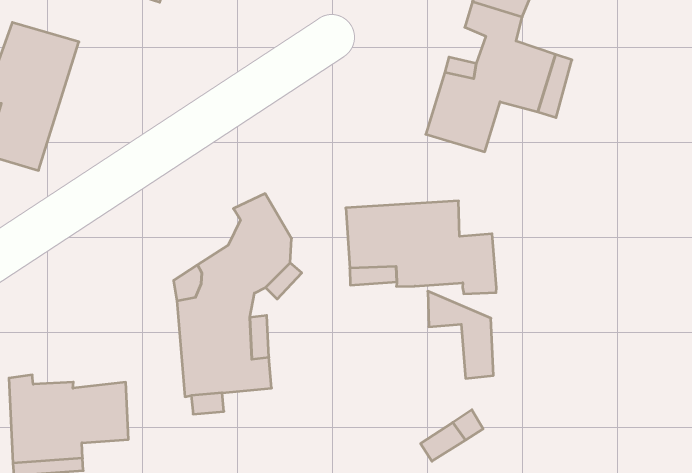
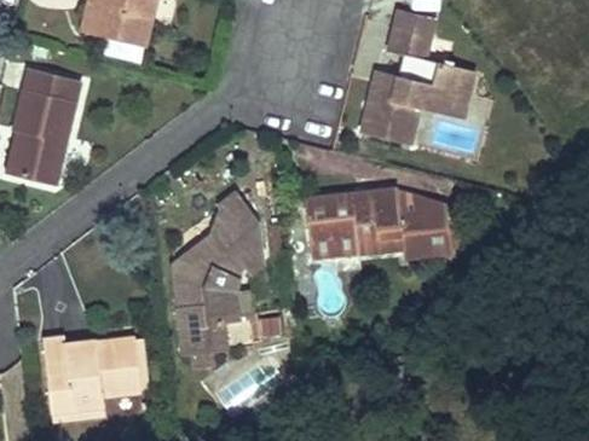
building: [428,291,493,378] -> [388,187,444,254]

